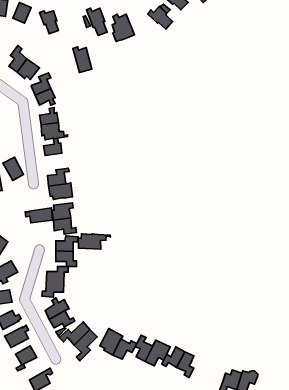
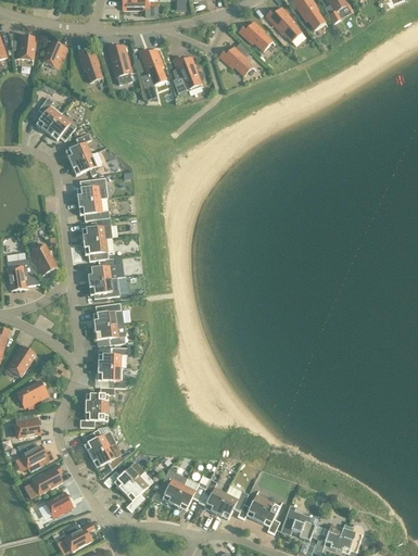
building: [73,47,92,72] -> [106,42,131,76]
building: none -> [85,237,115,261]
building: [25,208,52,223] -> none
building: [78,234,111,249] -> none
building: none -> [280,503,321,539]

